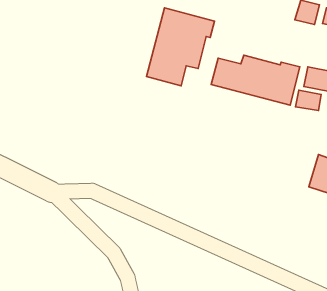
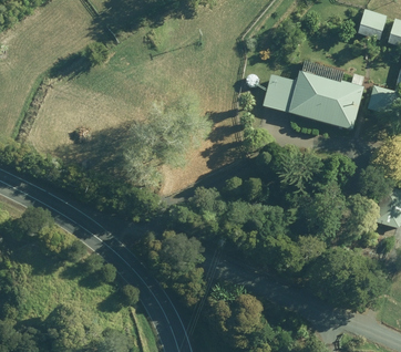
building: [147,8,214,86] -> none
building: [295,90,321,111] -> none

